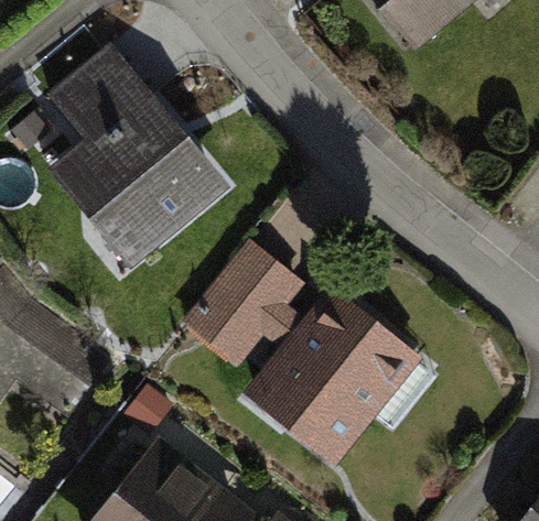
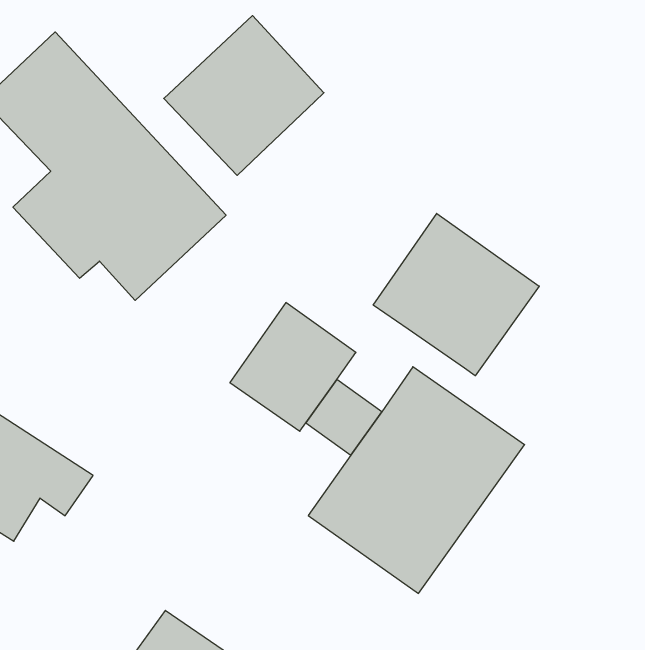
building: none -> [164,16,324,175]
building: none -> [373,213,539,376]

